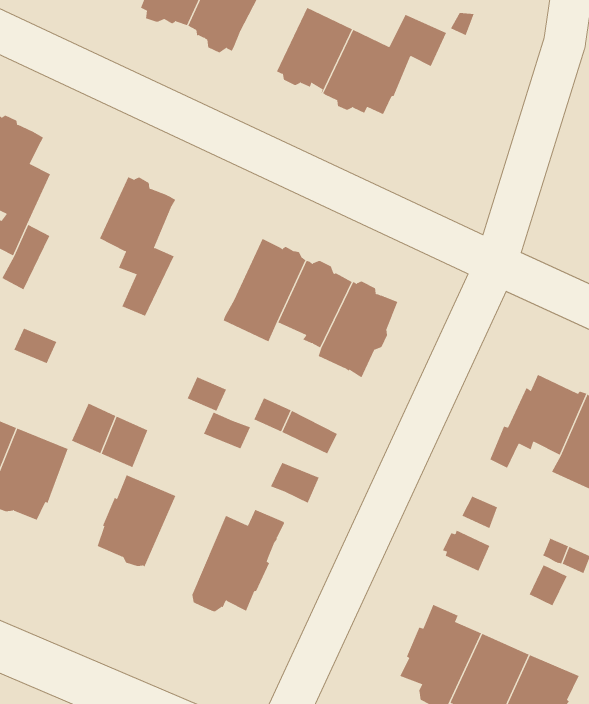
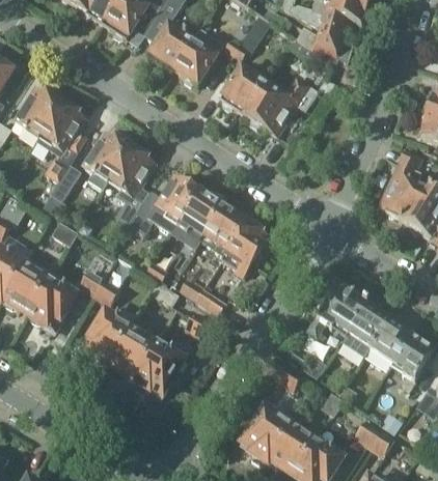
building: none -> [83,130,130,177]
building: none -> [129,174,199,234]
building: none -> [109,317,158,381]

